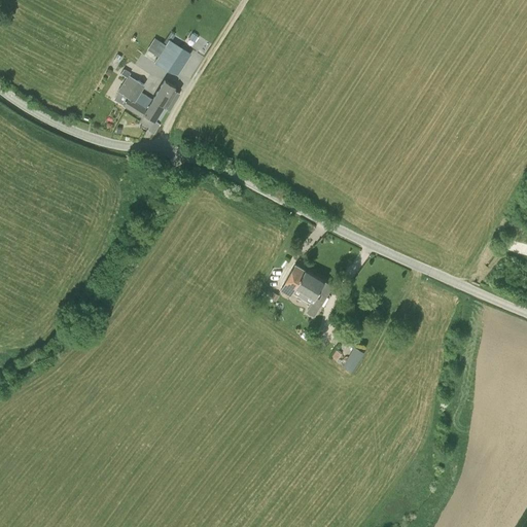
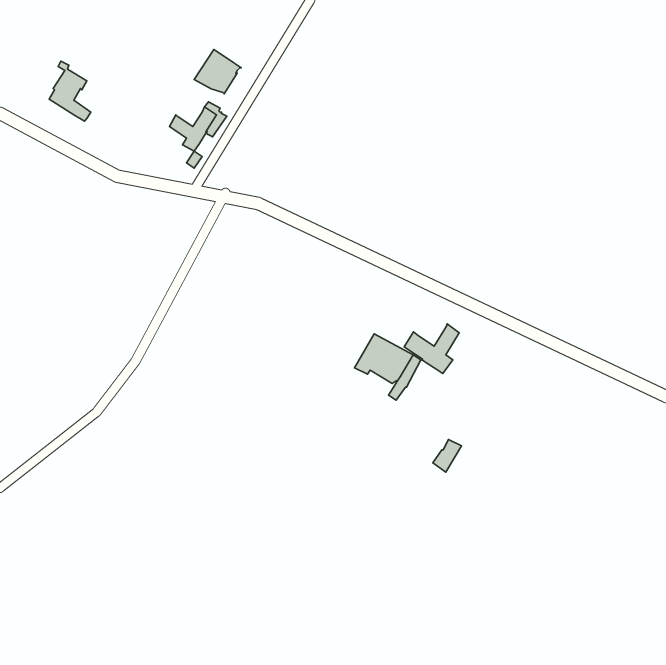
building: [114,70,147,117] -> [49,61,91,121]
building: none -> [404,324,459,373]

